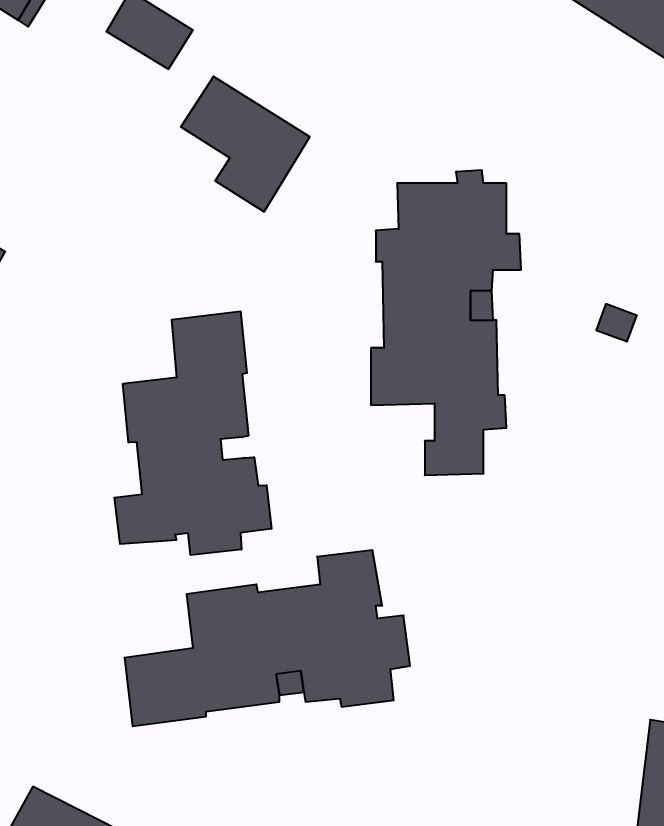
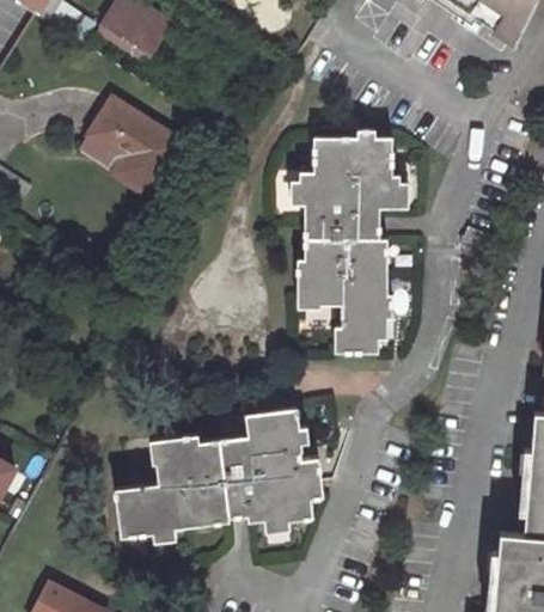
building: [181,76,310,212] -> [87,104,182,203]
building: [114,311,271,555] -> none

